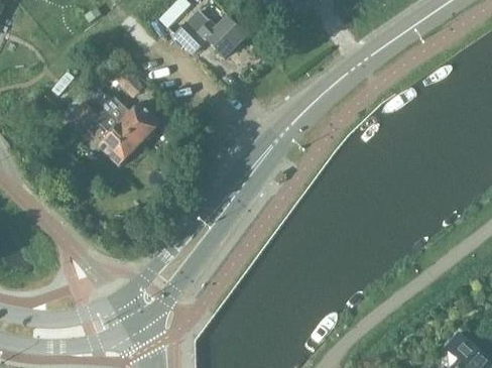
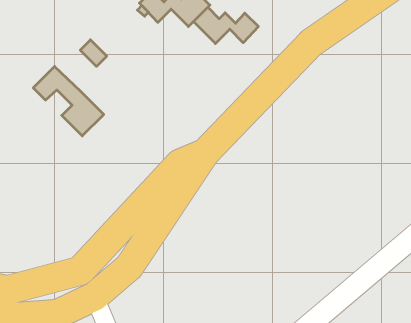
building: none -> [193,7,258,44]
building: [92,86,161,144] -> none

